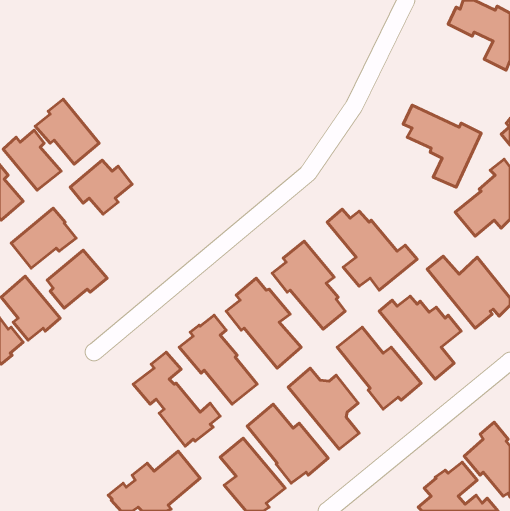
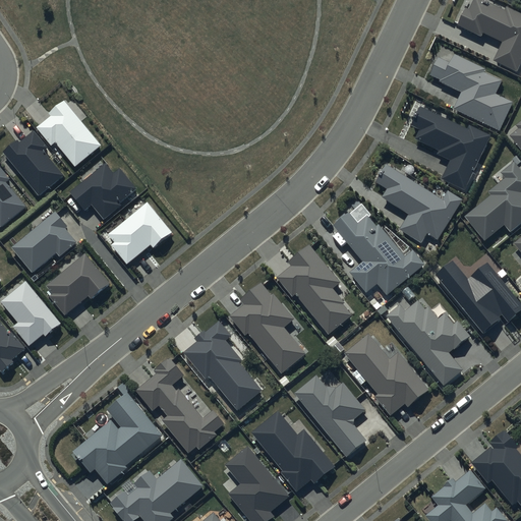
building: none -> [429,54,513,131]
building: none -> [374,164,462,244]
building: none -> [108,202,172,265]
building: none -> [71,393,162,484]

